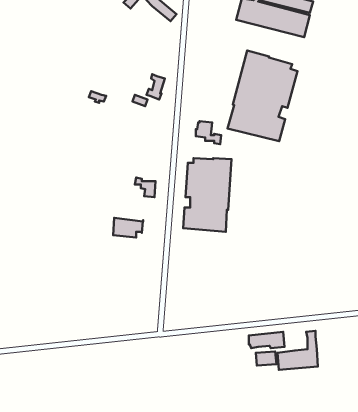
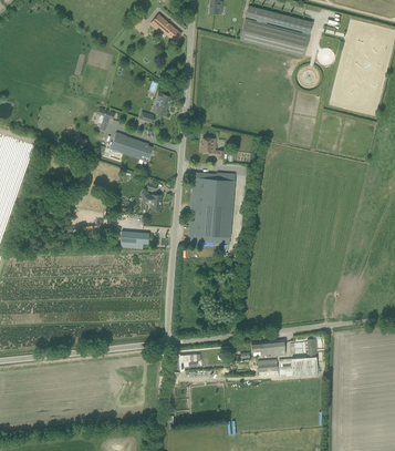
building: [227,51,297,141] -> none
building: none -> [111,131,153,158]

